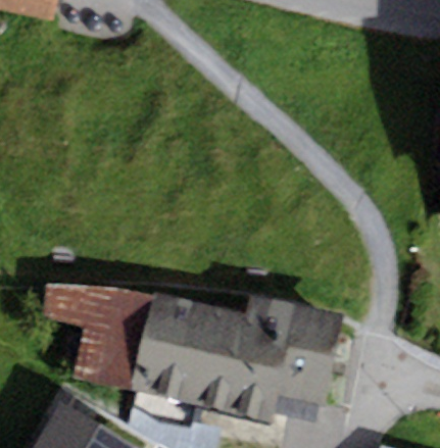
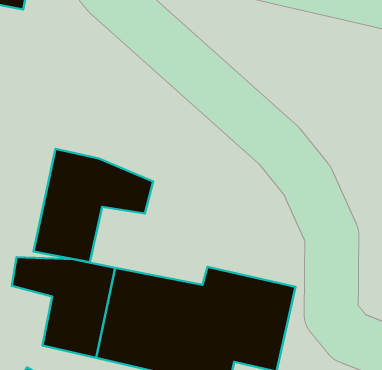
building: none -> [34,149,153,262]

